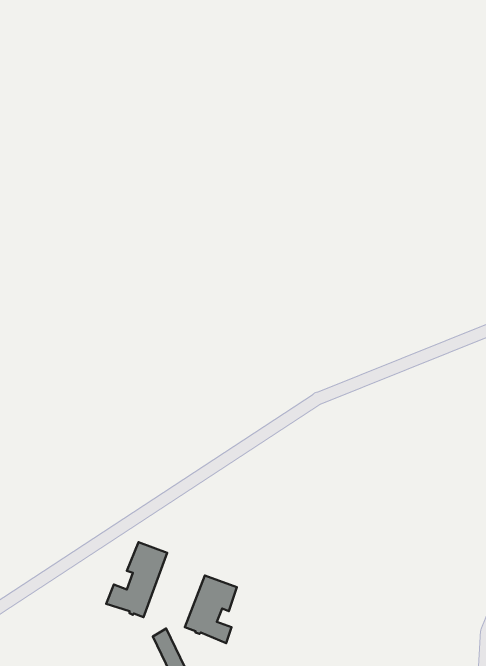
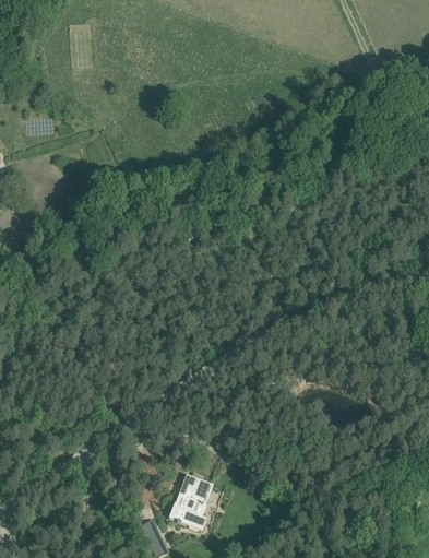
building: [106,542,167,617] -> none

